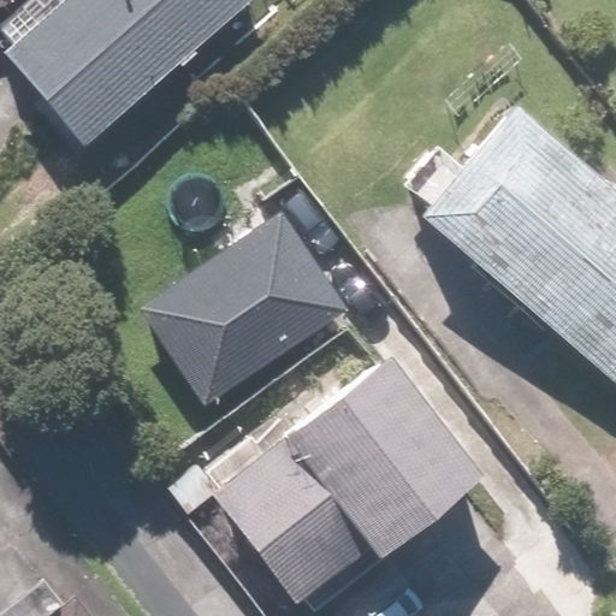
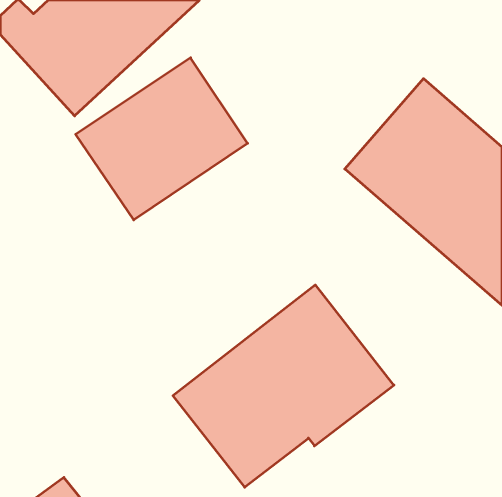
building: [137,213,348,411] -> [76,58,248,220]

